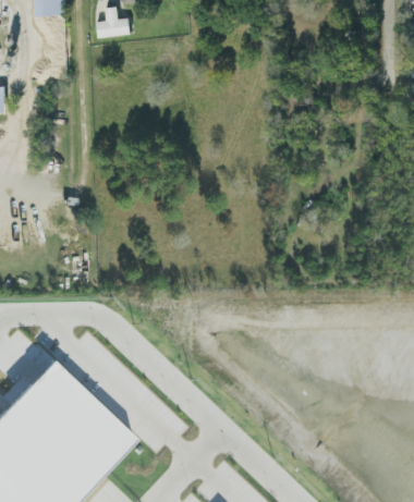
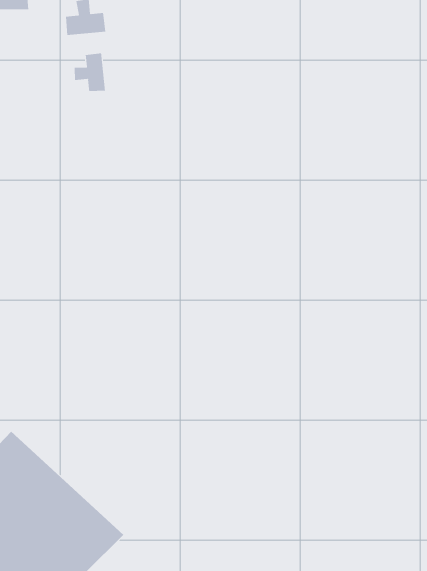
building: none -> [74,52,105,92]

